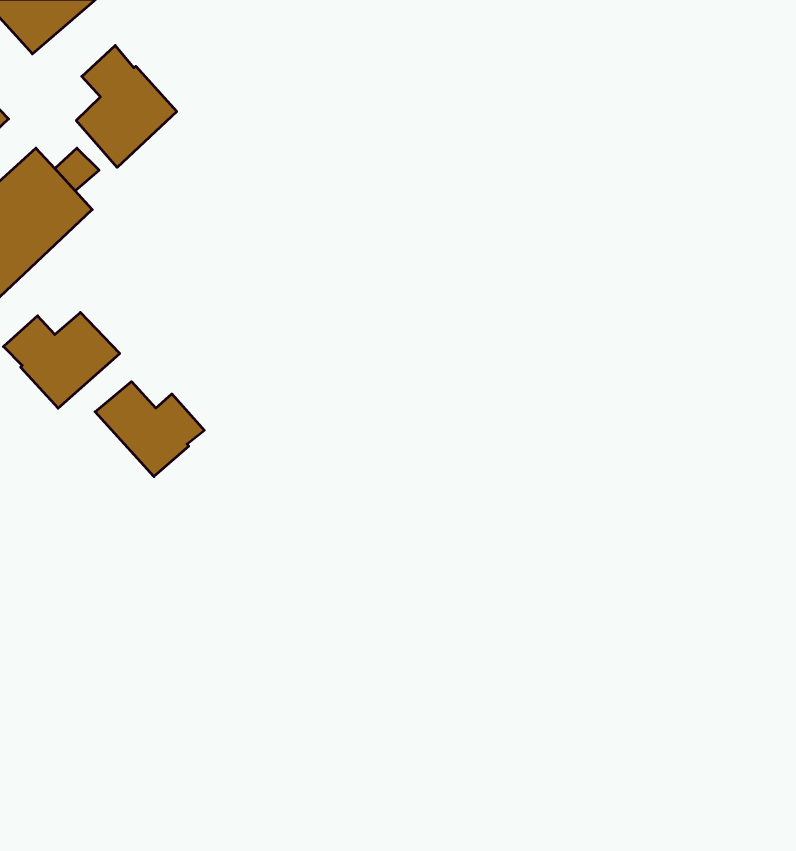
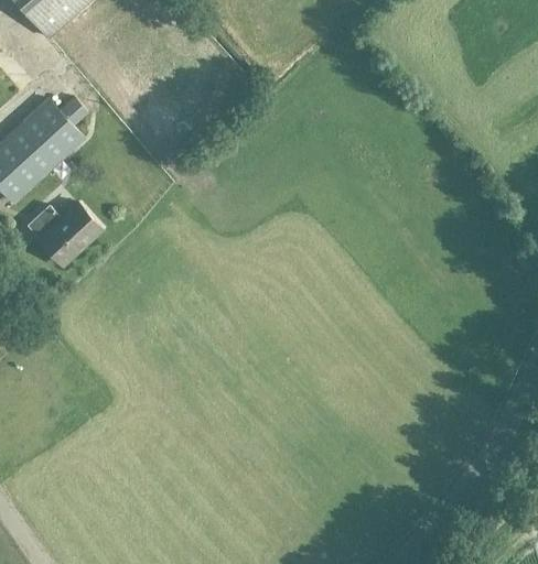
building: [76,45,177,167] -> none
building: [95,382,204,477] -> none

